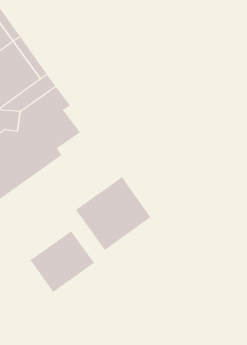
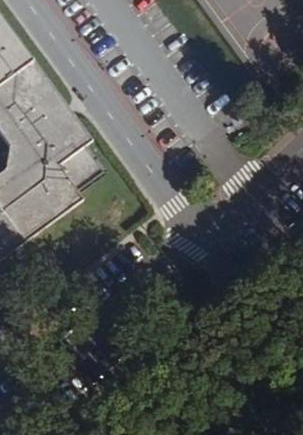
building: [75,176,151,251] -> none
building: [30,230,95,293] -> none

